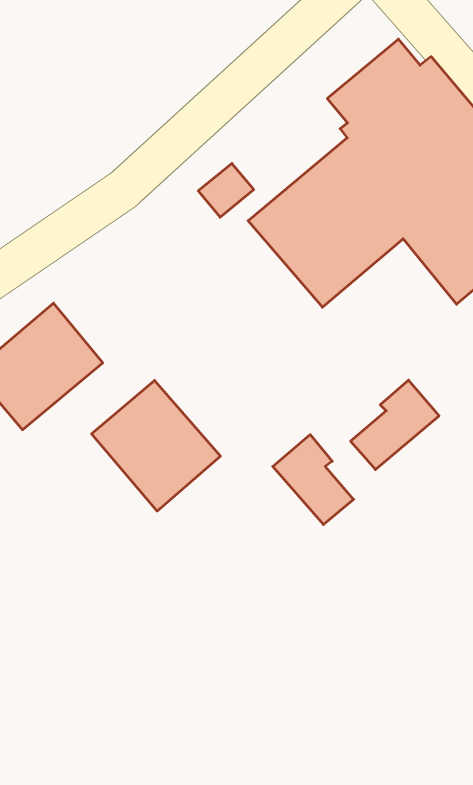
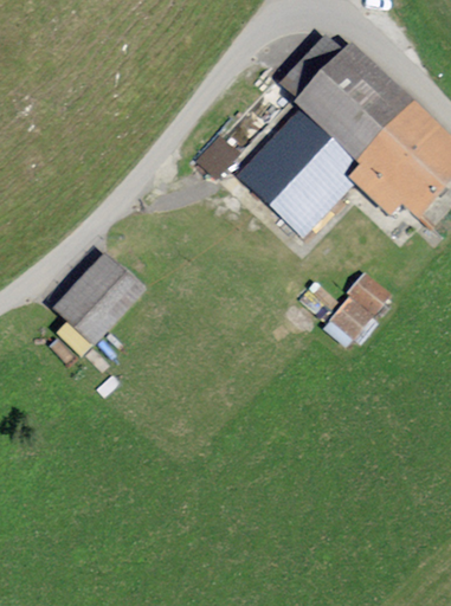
building: [92,380,220,511] -> none
building: [273,435,354,525] -> none

